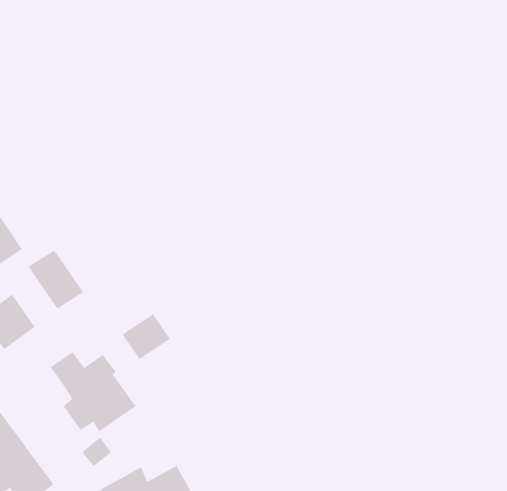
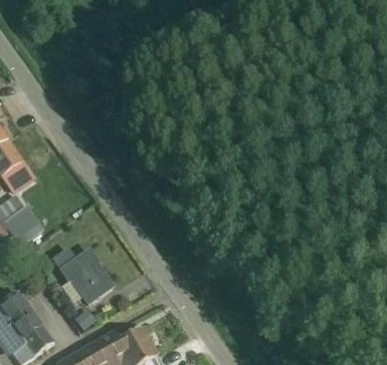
building: [28,250,84,309] -> none
building: [122,313,171,360] -> none

